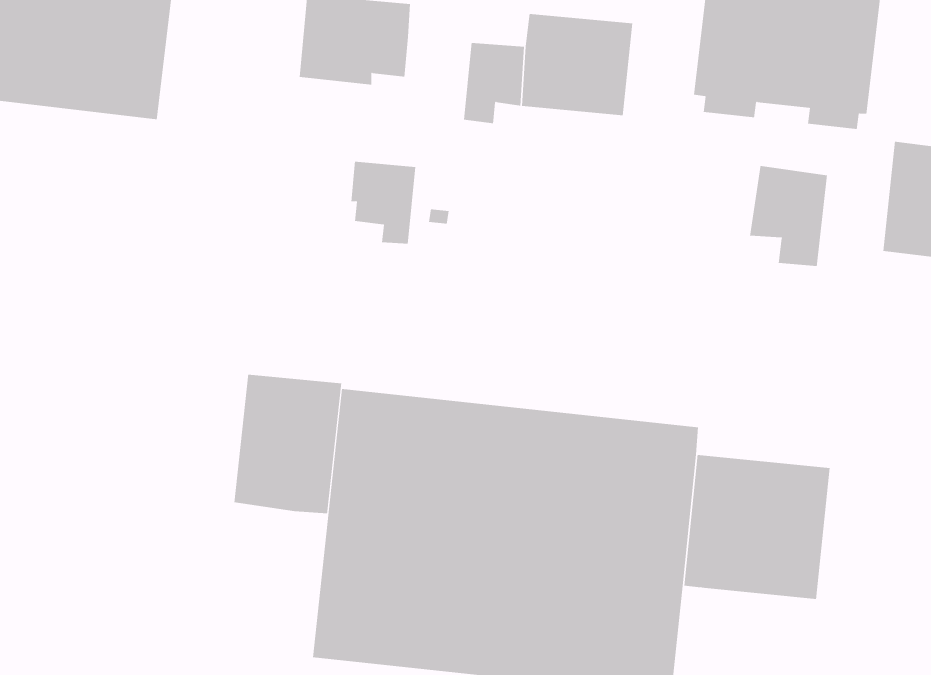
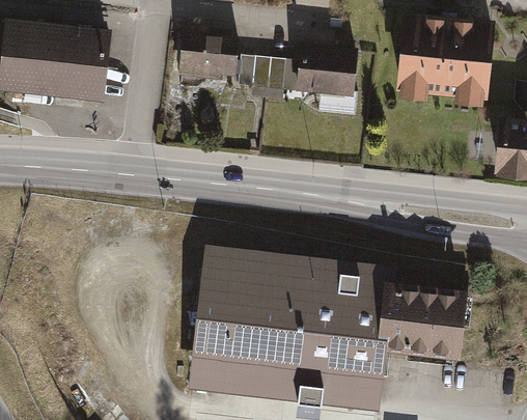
building: [350,161,416,244] -> [237,56,272,101]
building: [749,165,827,267] -> none
building: [234,374,342,514] -> none

